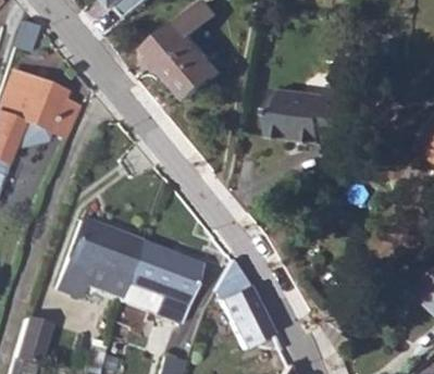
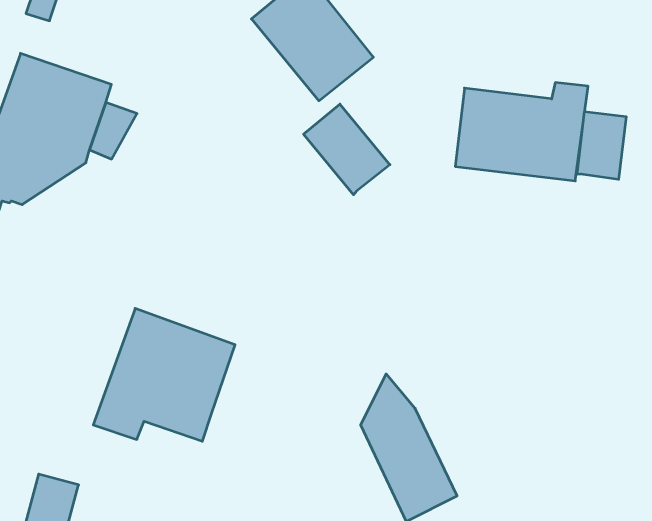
building: none -> [304,104,390,195]
building: none -> [577,112,626,179]
building: [128,242,203,323] -> none

